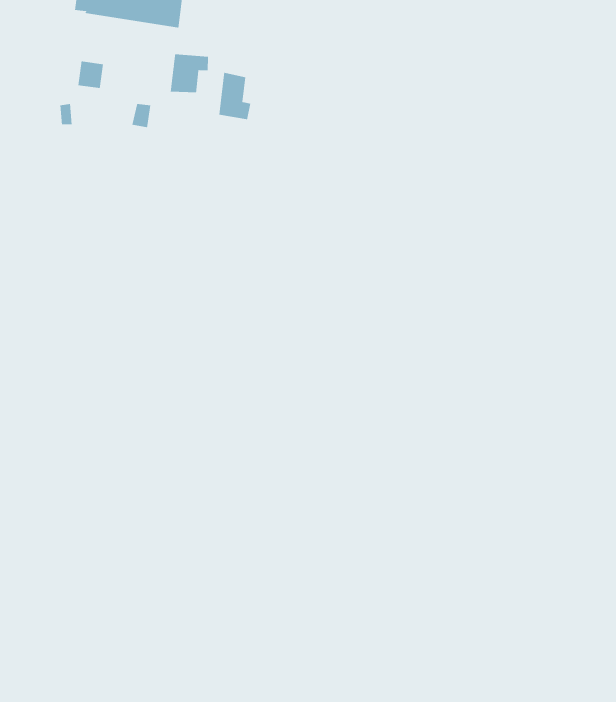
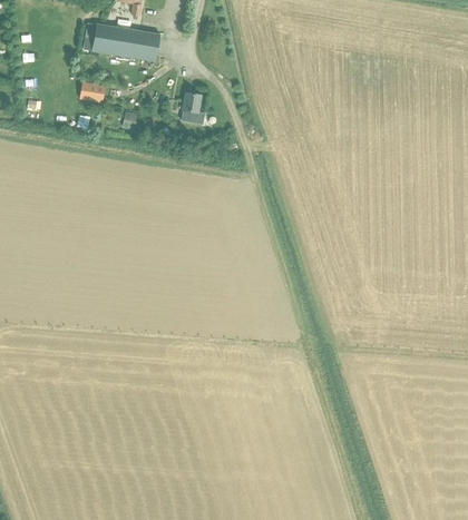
building: [170,53,209,93] -> none

